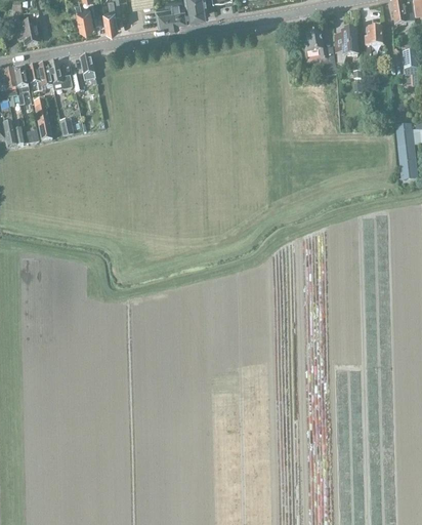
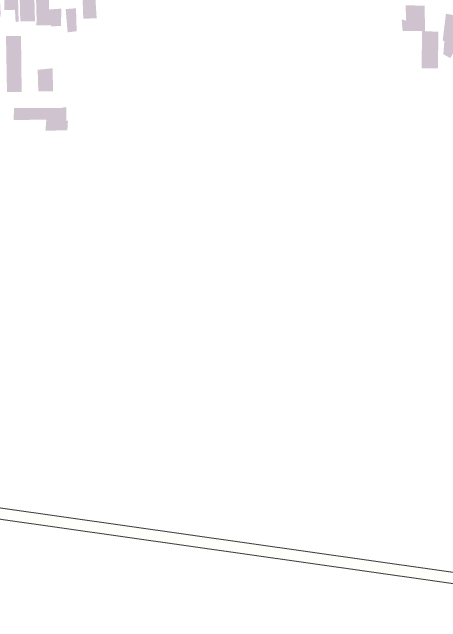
building: none -> [13,106,69,132]

